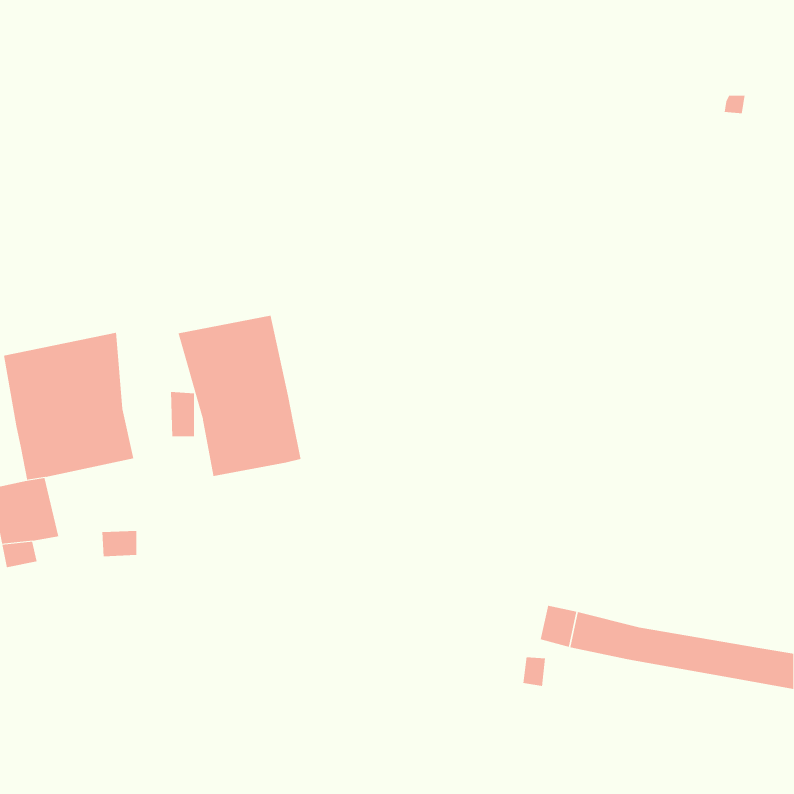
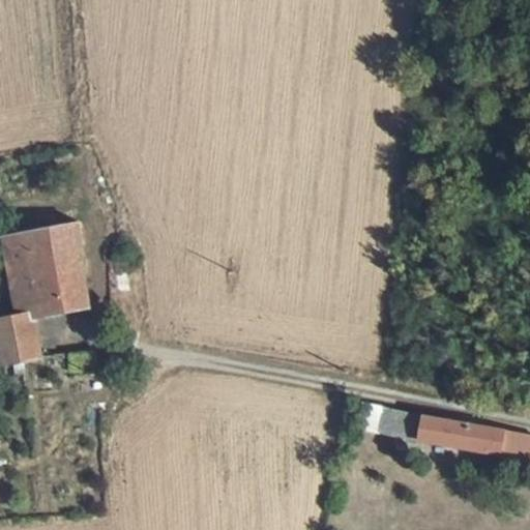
building: [178,315,301,477] -> none

